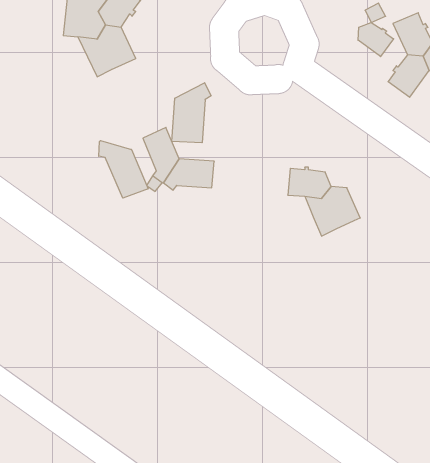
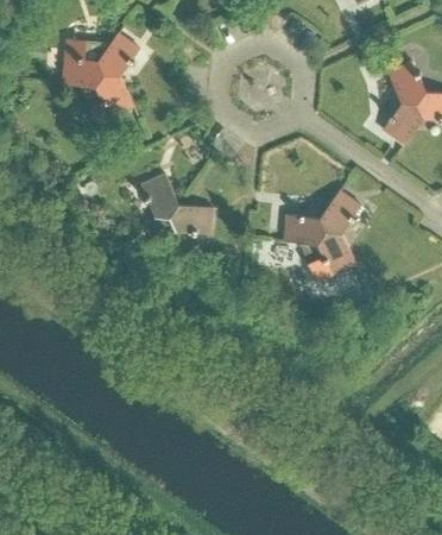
building: [358,22,394,57] -> none
building: [172,83,211,143] -> none
building: [99,141,148,198] -> none
building: none -> [321,189,361,232]

